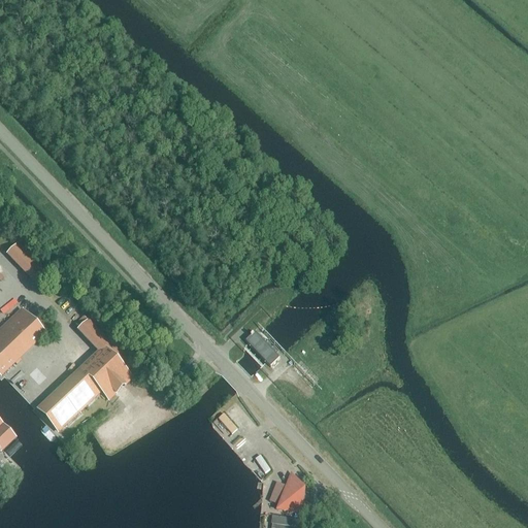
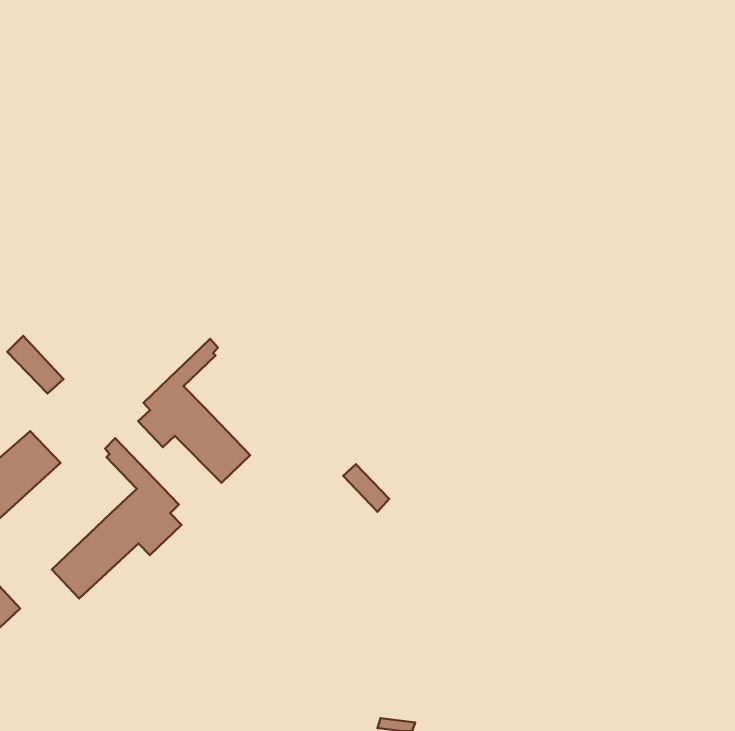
building: none -> [138,339,250,483]
building: [278,476,303,510] -> none

